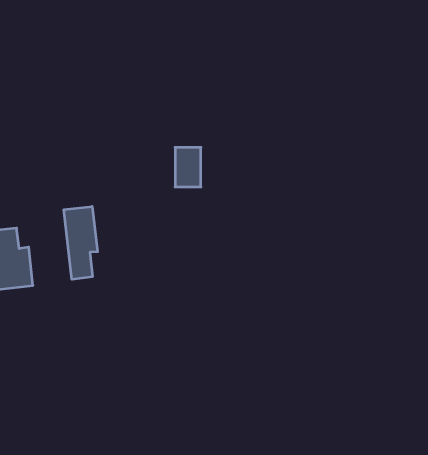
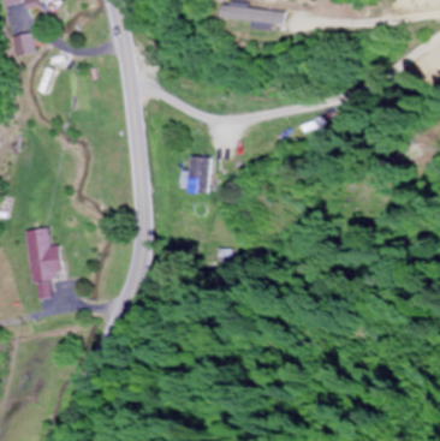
building: [64,206,98,279] -> none

